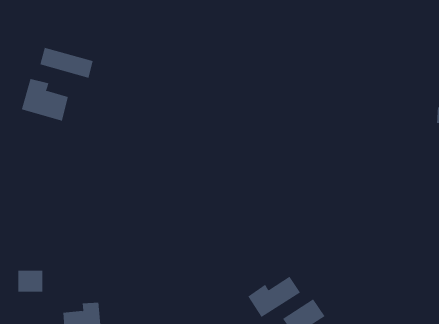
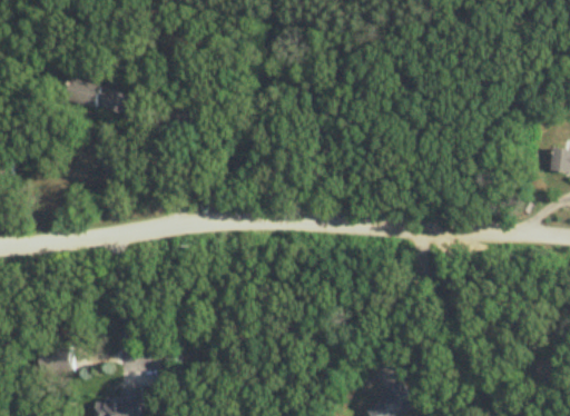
building: [21,78,69,121] -> none
building: [248,276,301,318] -> none

